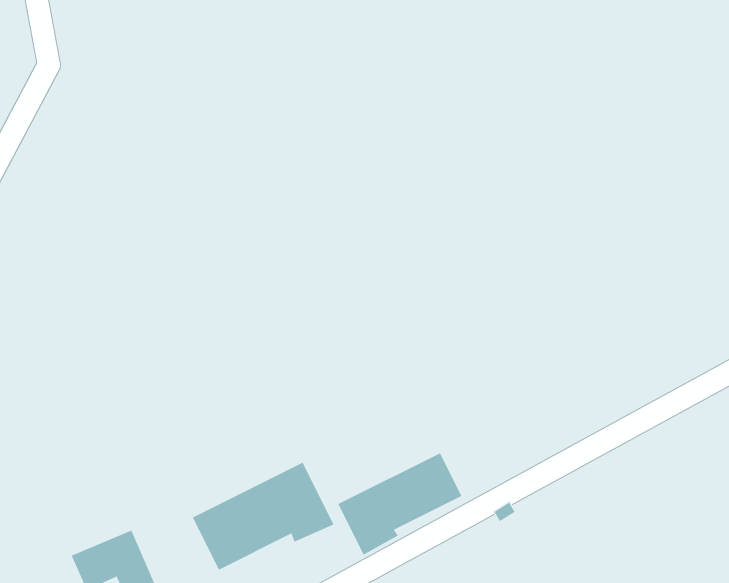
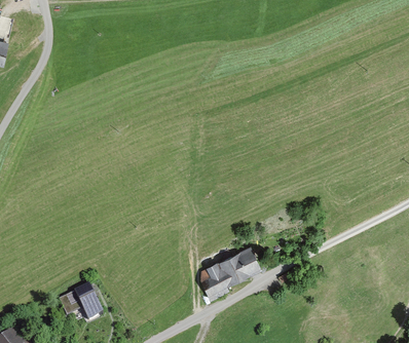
building: [192,462,334,570] -> none

